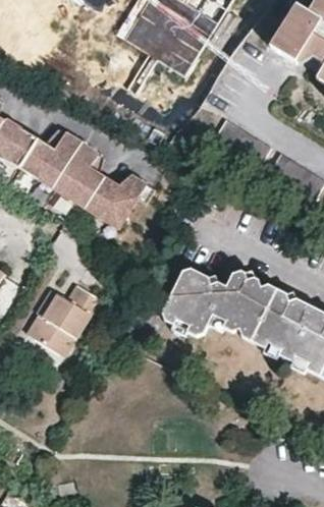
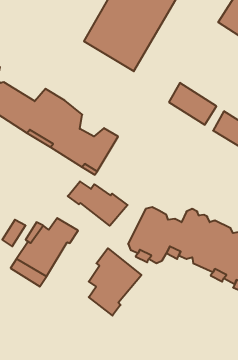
building: none -> [68,181,128,226]
building: none -> [89,248,141,316]

